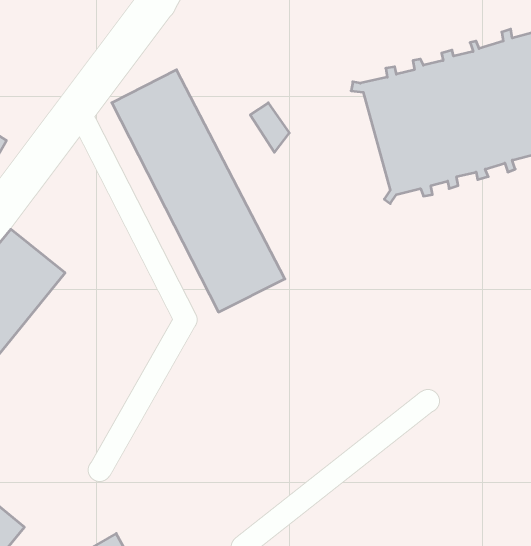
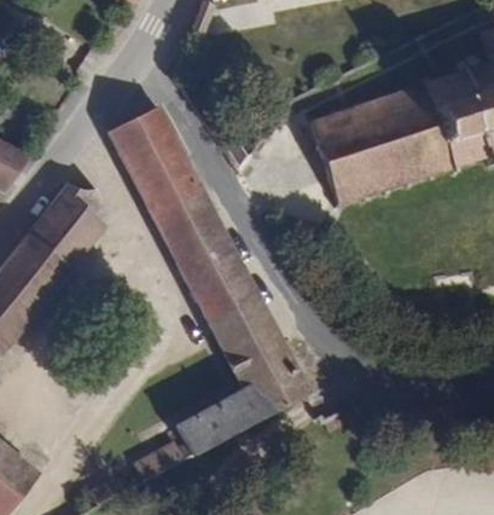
building: none -> [28,183,107,267]
building: none -> [135,272,310,479]

